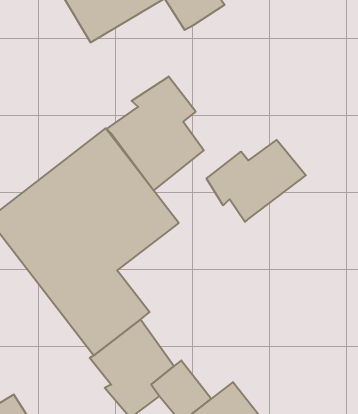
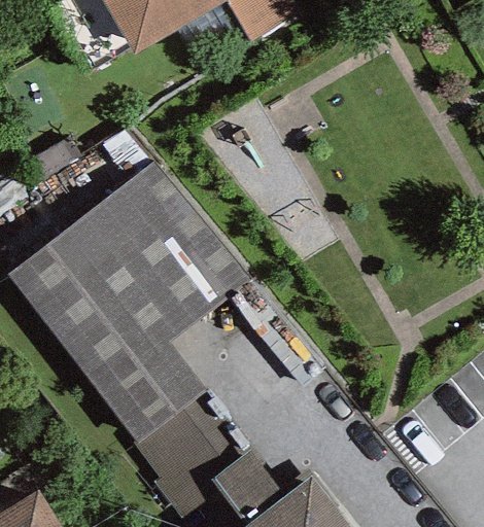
building: [107,76,204,191] -> none
building: [207,140,306,222] -> none

